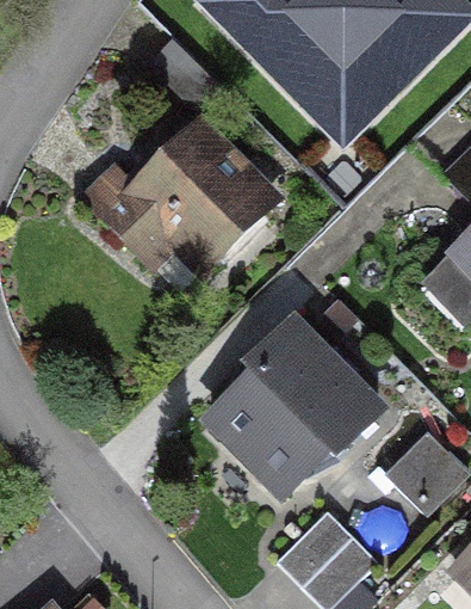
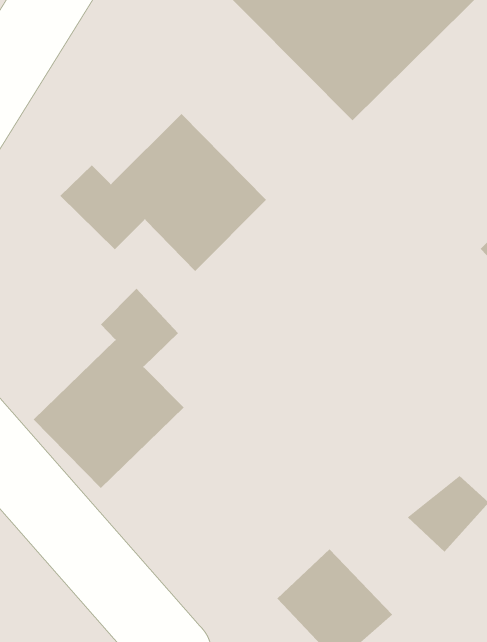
building: none -> [33,288,185,489]
building: [188,332,367,510] -> none

